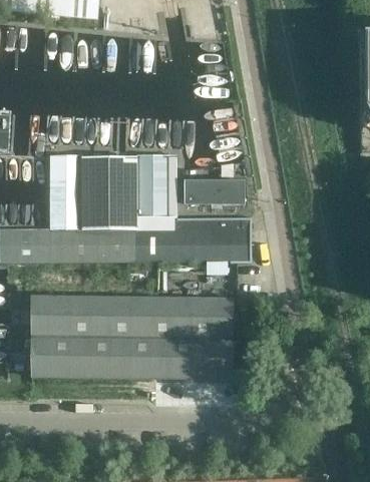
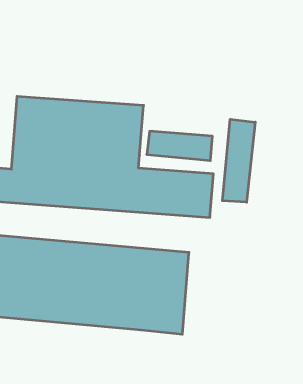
building: none -> [222,119,255,202]

